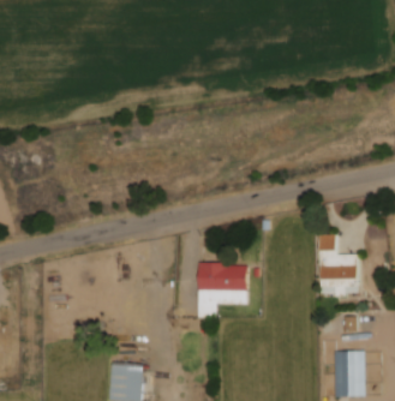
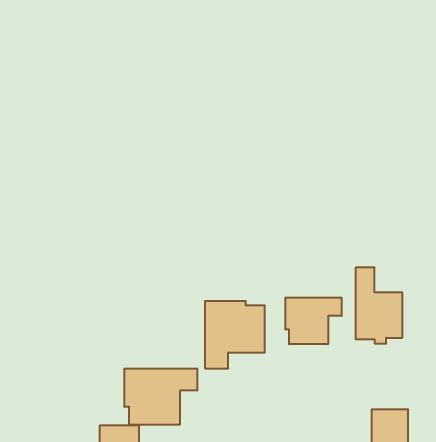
building: none -> [285,298,342,344]
building: none -> [124,369,197,425]

